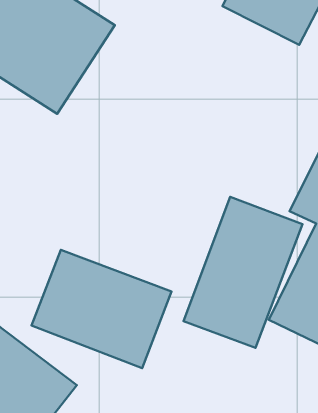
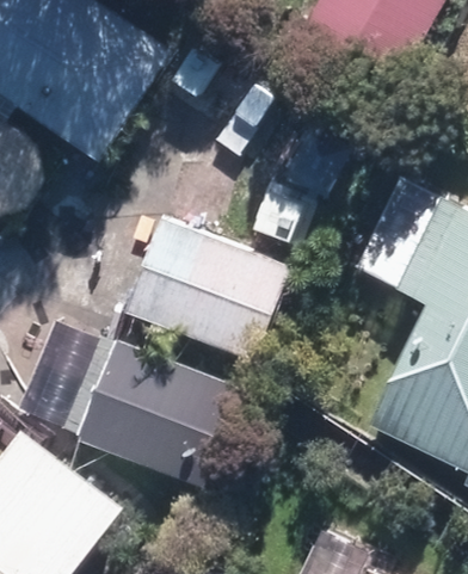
building: none -> [119,215,288,362]
building: [184,197,302,348] -> none

